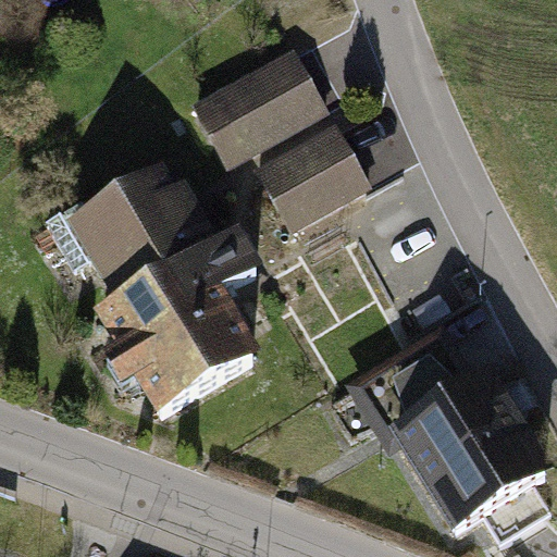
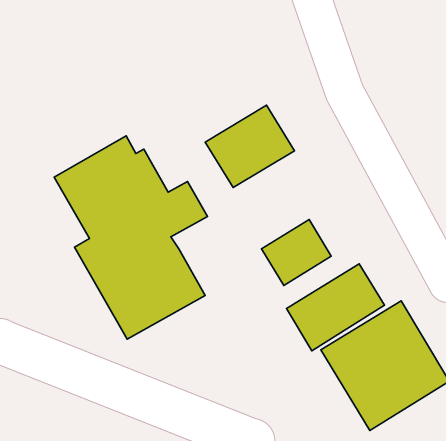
building: [187,47,330,172] -> none
building: none -> [262,219,331,286]

